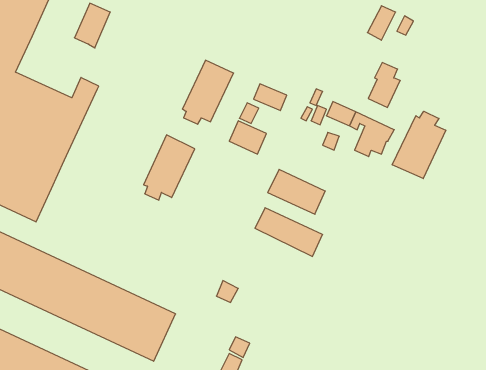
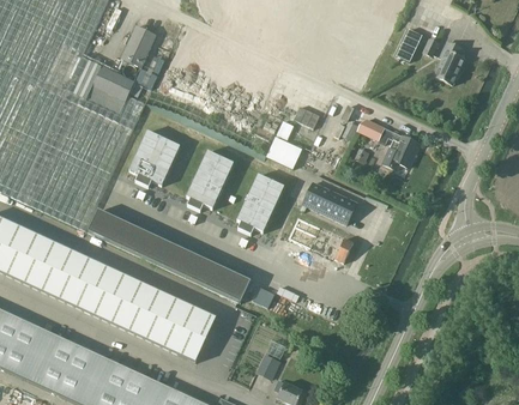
building: none -> [66,56,141,114]
building: [182,60,234,124] -> [236,173,284,232]
building: [368,63,400,107] -> [435,42,465,84]
building: [392,111,446,179] -> none
building: none -> [128,129,180,186]
building: none -> [87,207,251,301]

